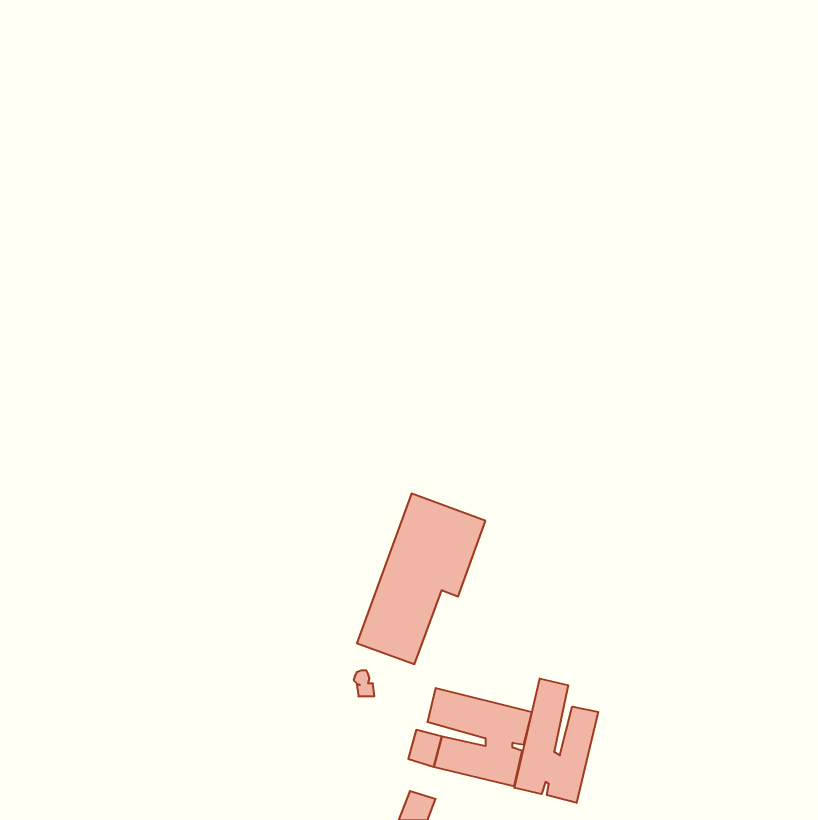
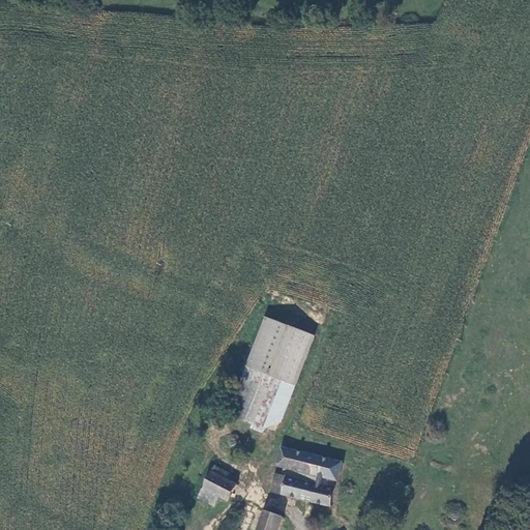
building: [514,678,598,803] -> none
building: none -> [196,467,236,510]

